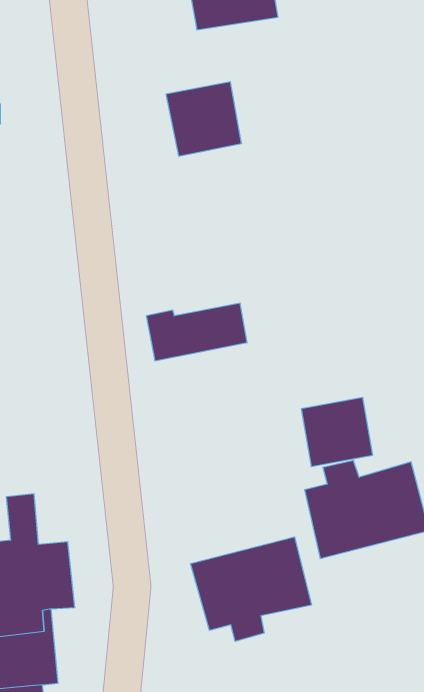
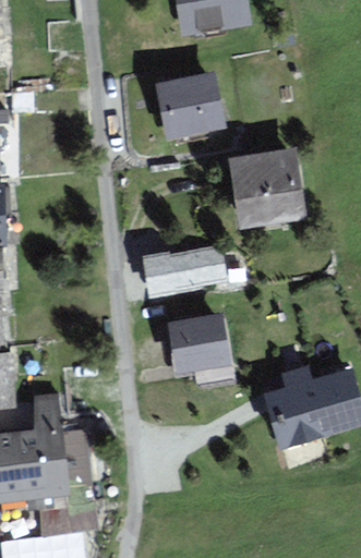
building: none -> [229,151,302,225]
building: [301,398,373,466] -> [171,317,227,371]
building: [190,537,311,641] -> none

